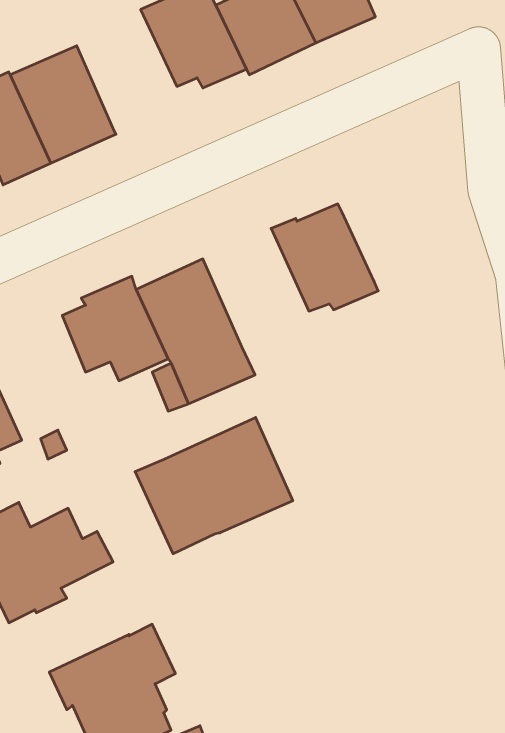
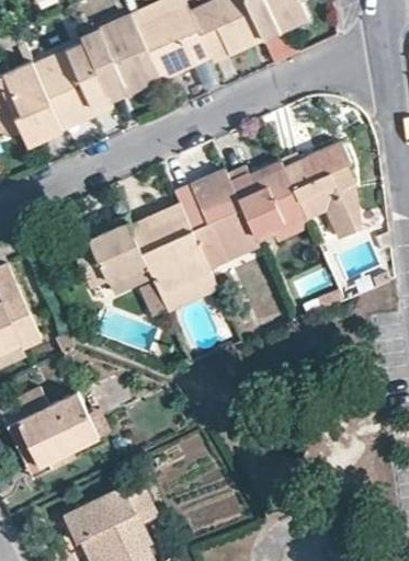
building: none -> [81,13,159,103]
building: none -> [284,141,363,239]
building: none -> [173,168,261,268]
building: [135,417,293,554] -> none

